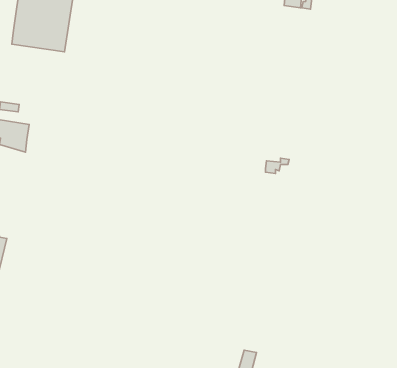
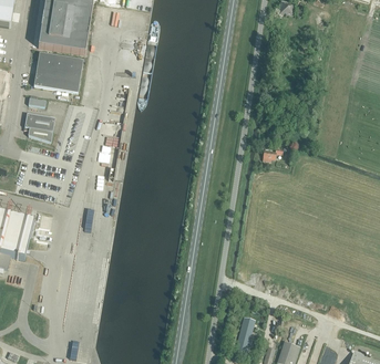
building: none -> [33,51,83,91]

